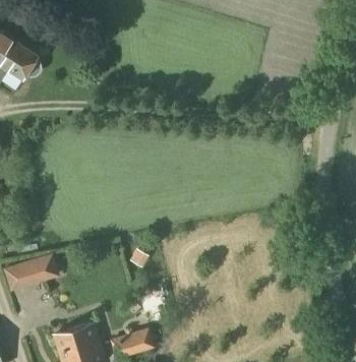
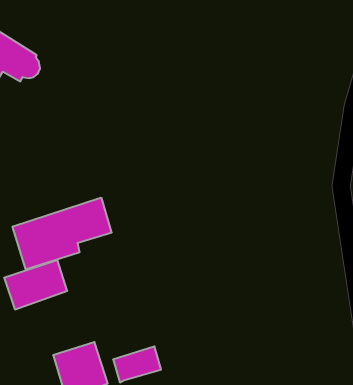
building: none -> [13,198,112,269]

